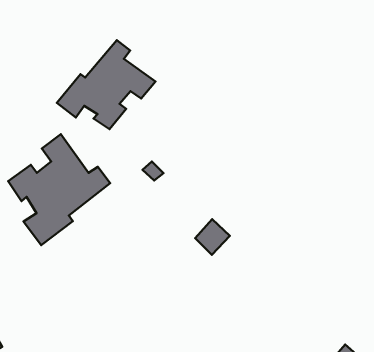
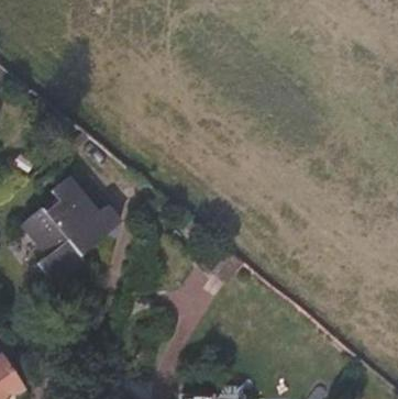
building: [57,40,155,129] -> none

